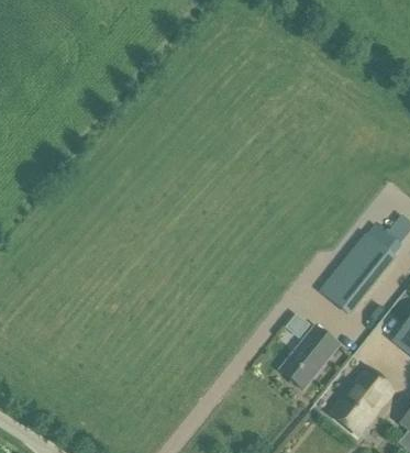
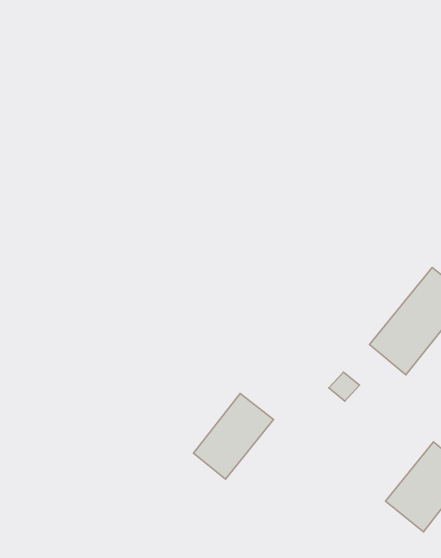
building: [279,323,340,388] -> [194,393,274,479]

